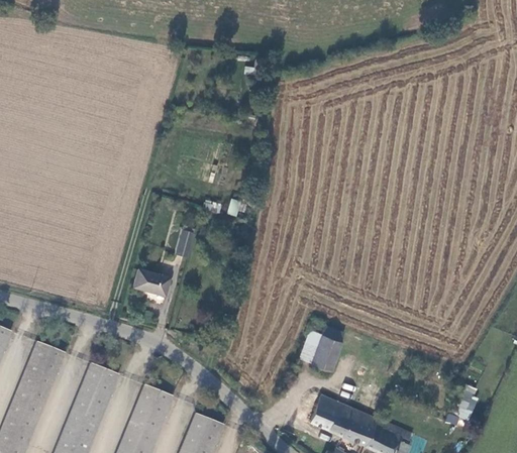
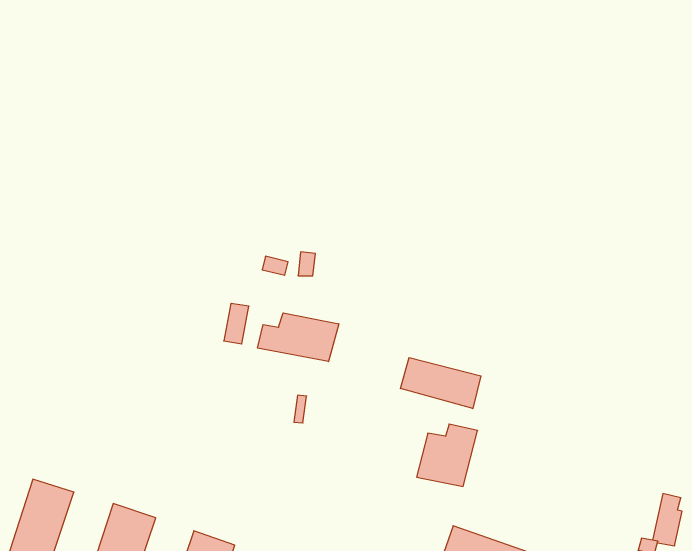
building: none -> [258,313,339,362]
building: [134,270,170,297] -> none
building: none -> [400,358,481,409]

